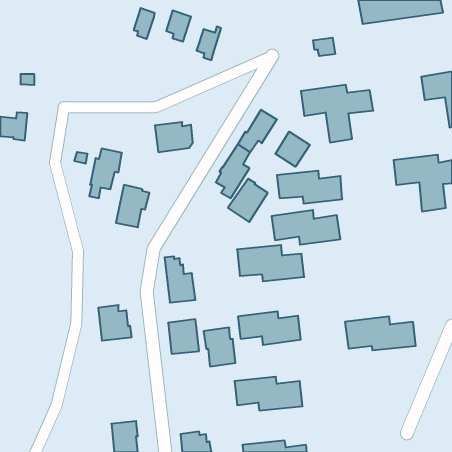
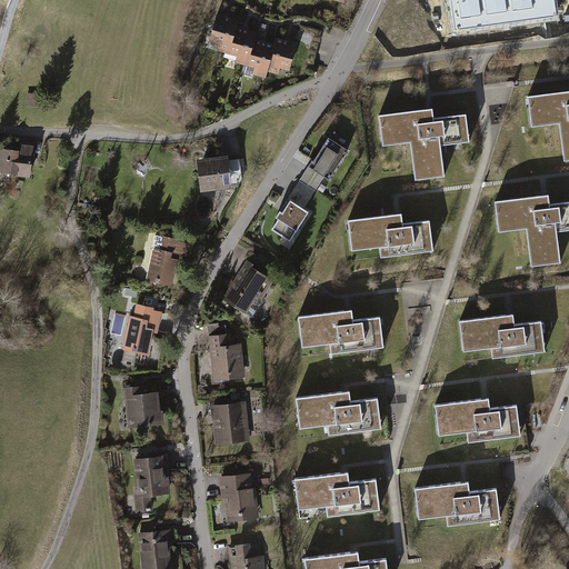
building: [134,8,155,39] -> [230,24,257,63]
building: none -> [268,36,296,73]
building: [313,38,335,56] -> none
building: [275,132,310,167] -> none
building: [89,149,122,198] -> [122,303,163,366]
building: [228,179,268,222] -> [224,261,274,316]
building: [271,210,340,245] -> [460,313,547,357]
building: [204,328,235,366] -> [219,472,259,521]
building: none -> [133,456,171,513]
building: none -> [413,481,501,525]

